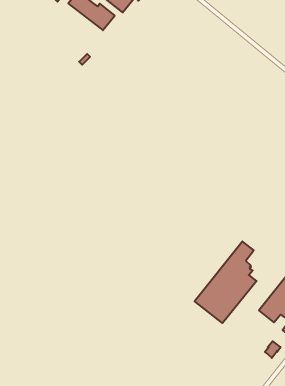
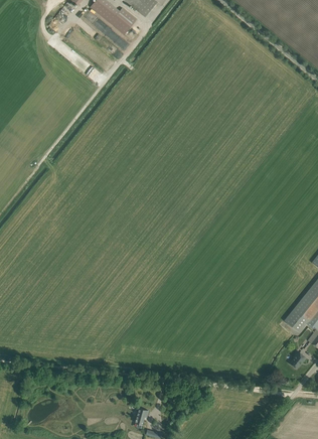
building: [195,241,257,323] -> none

